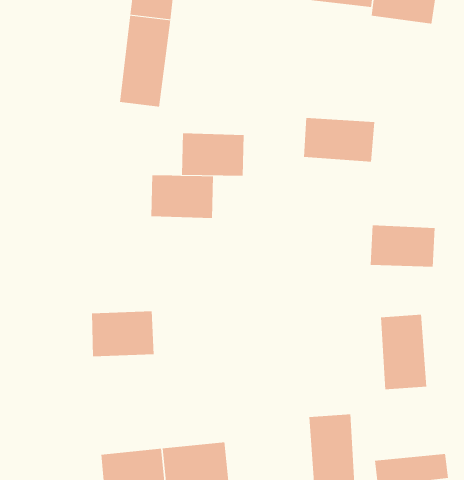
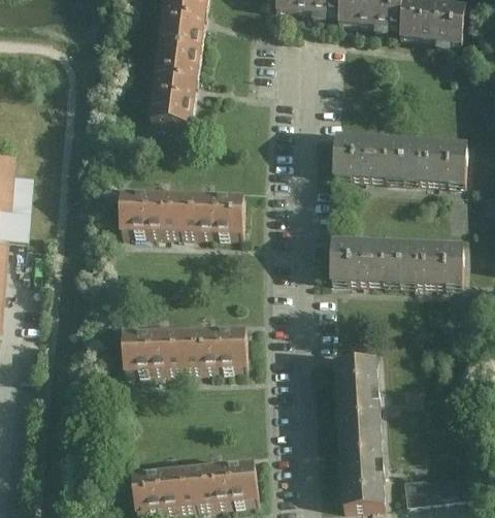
building: none -> [400,140,466,184]
building: [181,133,244,176] -> [119,191,182,234]
building: none -> [329,240,400,283]
building: none -> [183,326,246,371]
building: [380,314,427,390] -> [333,358,380,433]

